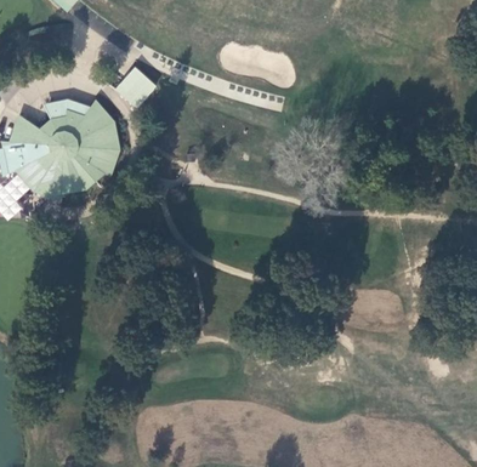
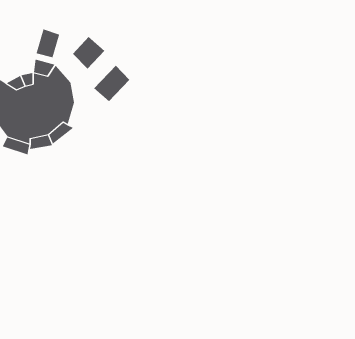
building: none -> [36,29,60,58]
building: none -> [93,65,130,102]

